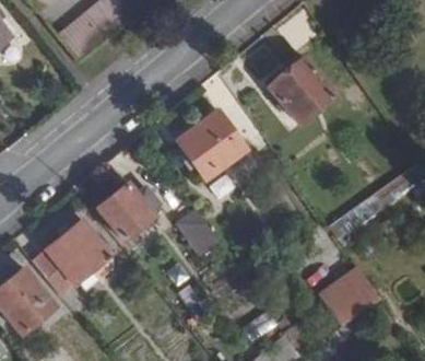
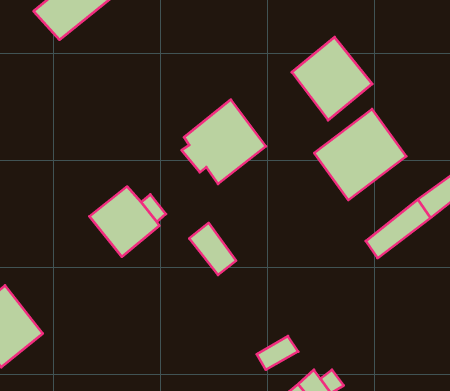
building: none -> [314,109,406,200]
building: [37,223,114,298] -> none
building: [321,269,382,329] -> none

